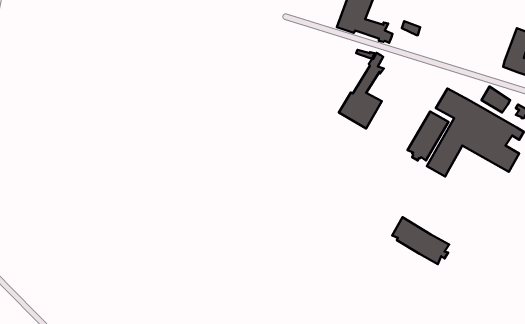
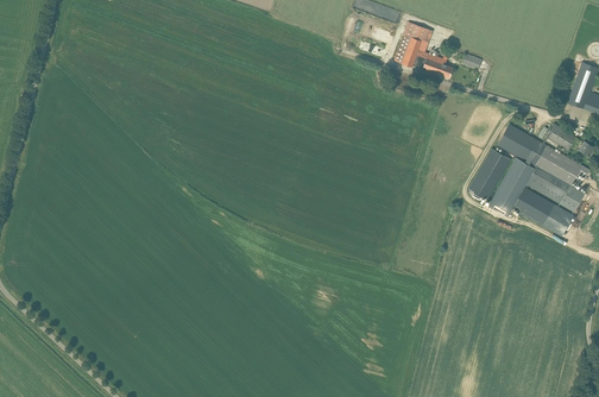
building: [339,53,384,129] -> none
building: [392,217,449,264] -> [513,187,573,235]

